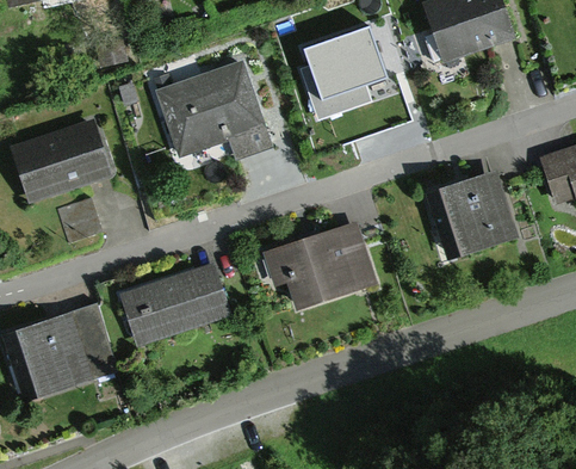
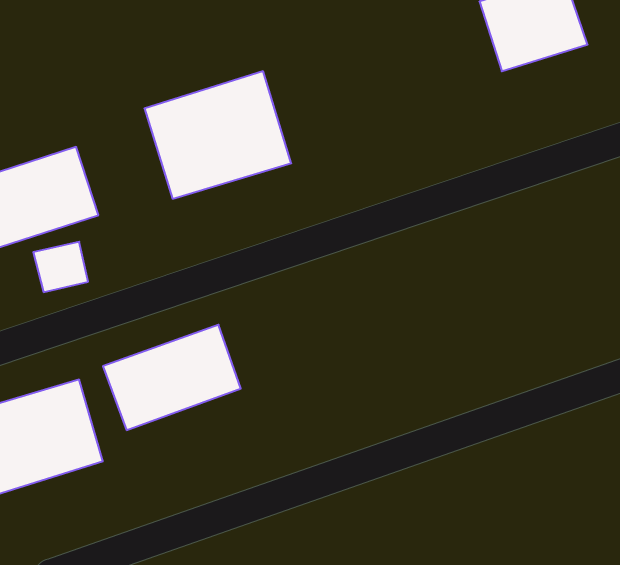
building: [302,25,389,101] -> none
building: [423,172,513,258] -> none
building: [266,224,373,310] -> none

